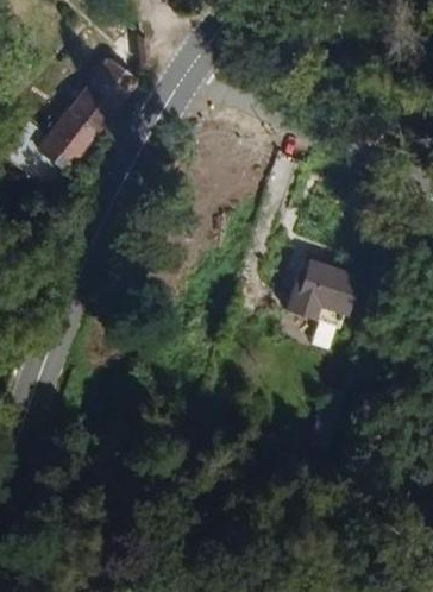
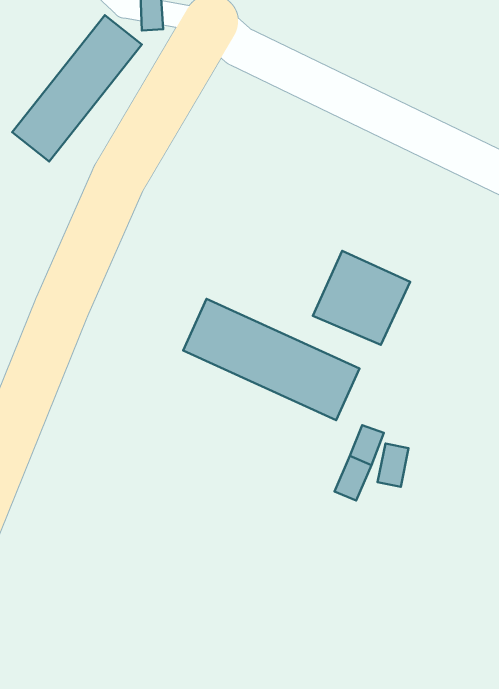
building: none -> [183,299,360,420]

